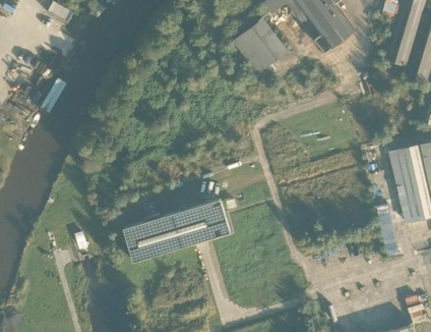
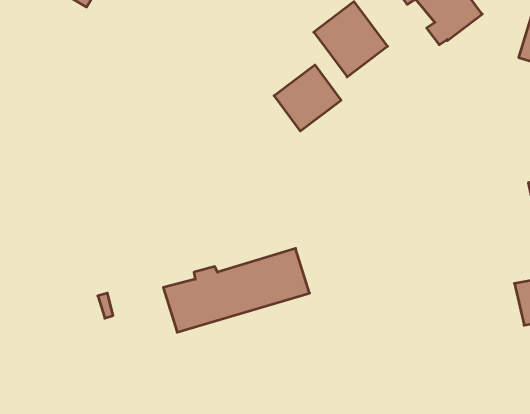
building: none -> [274,65,341,131]

